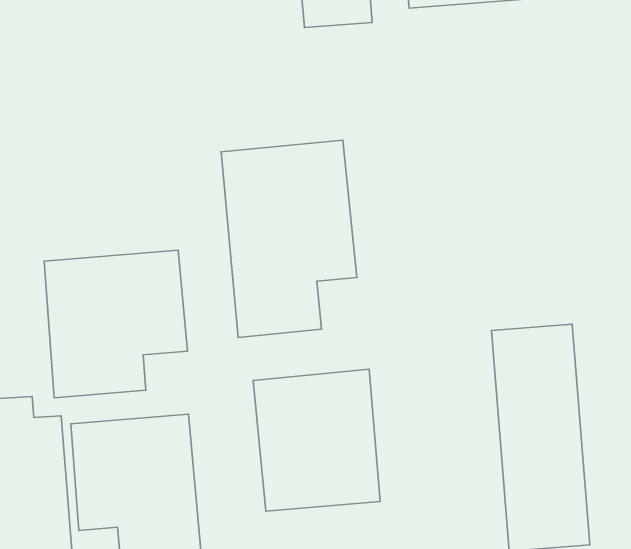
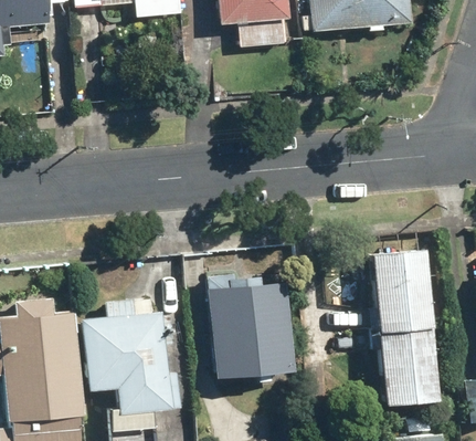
building: [221,140,357,337] -> none
building: [44,250,187,398] -> none

